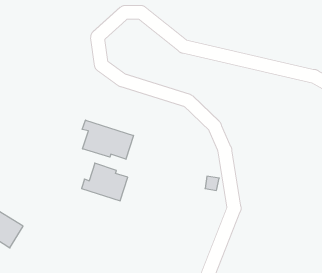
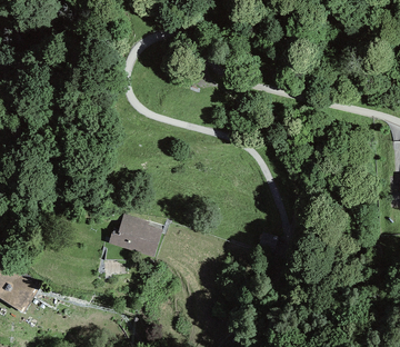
building: [82,120,133,159] -> none

